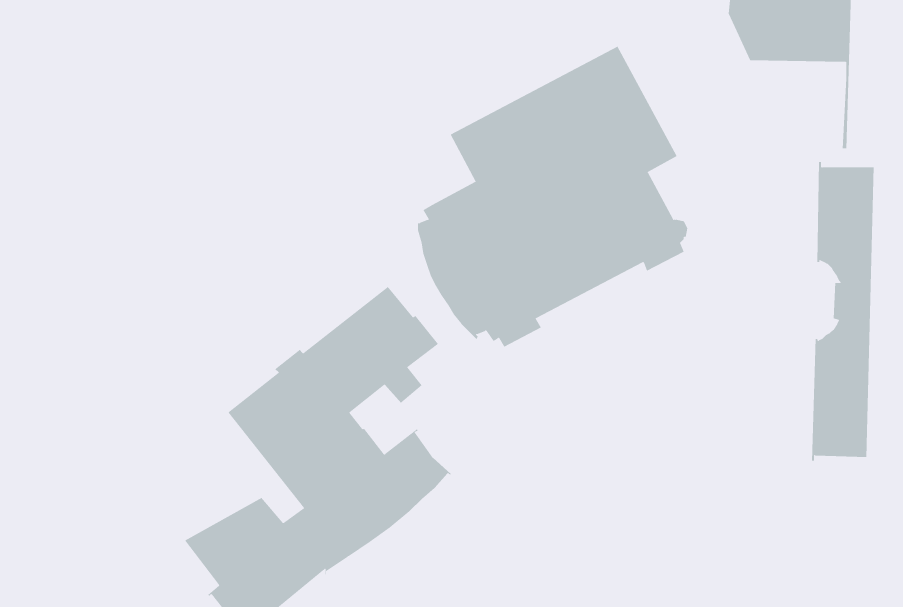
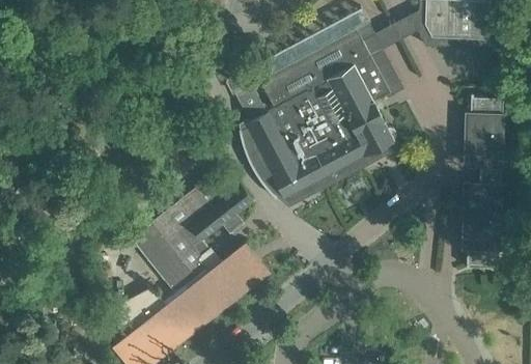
building: none -> [227,8,486,121]

